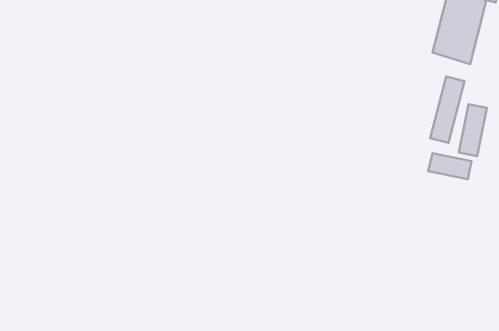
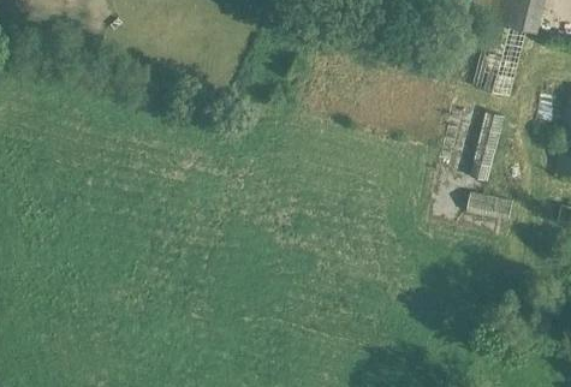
building: [459,104,487,156] -> none

